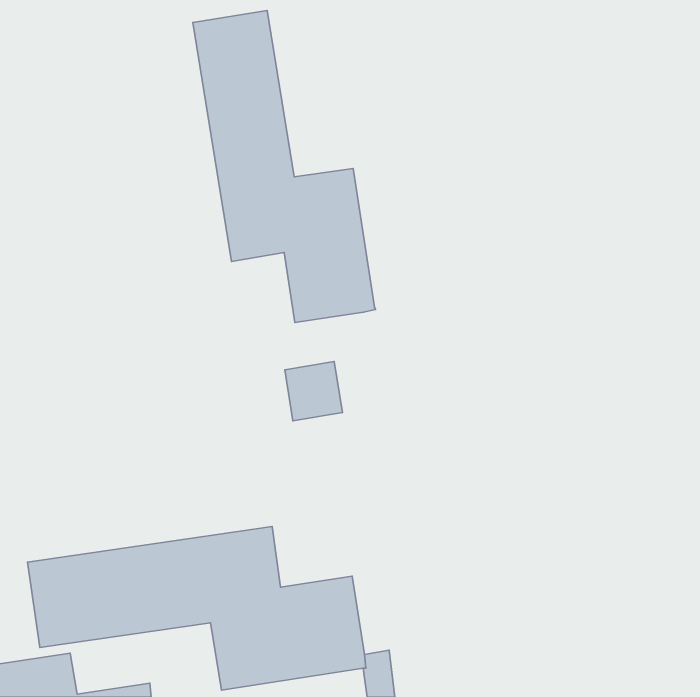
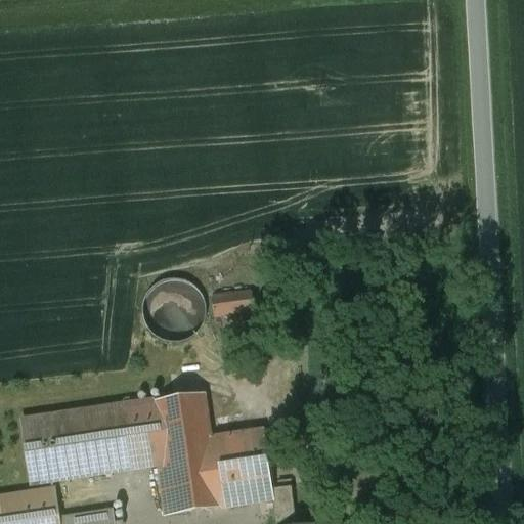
building: [193,11,375,322] -> none
building: none -> [143,281,199,337]

